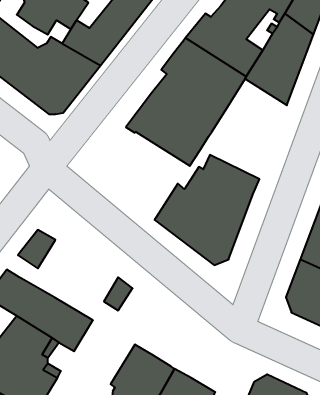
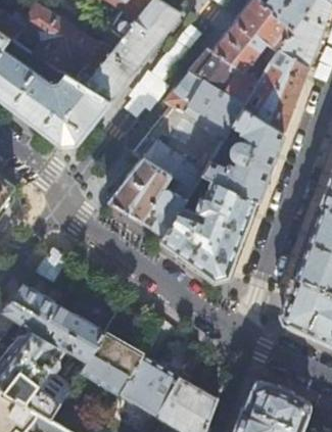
building: none -> [202,111,283,204]
building: none -> [108,160,193,240]
building: none -> [81,335,142,394]

